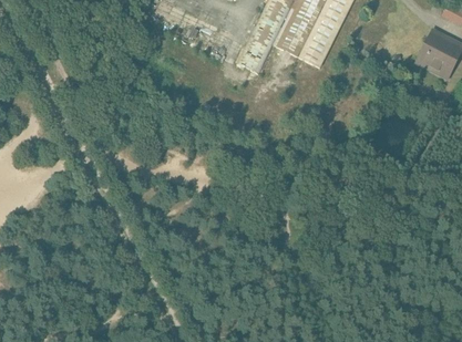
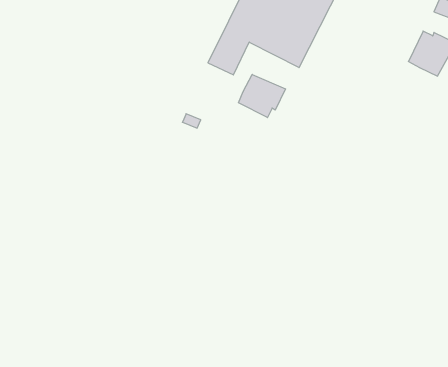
building: none -> [238,74,286,118]

